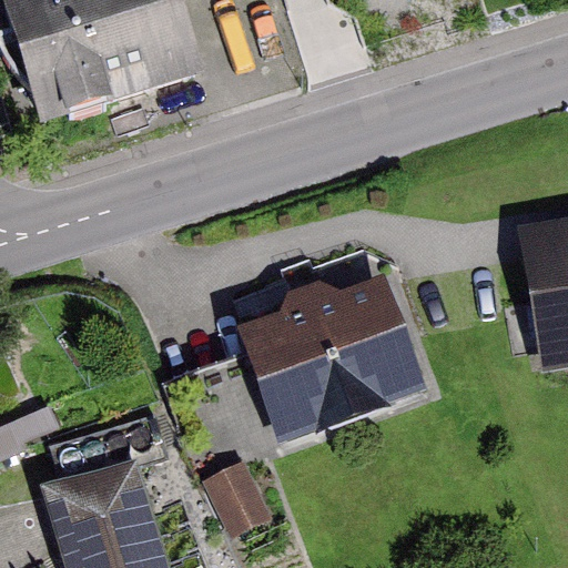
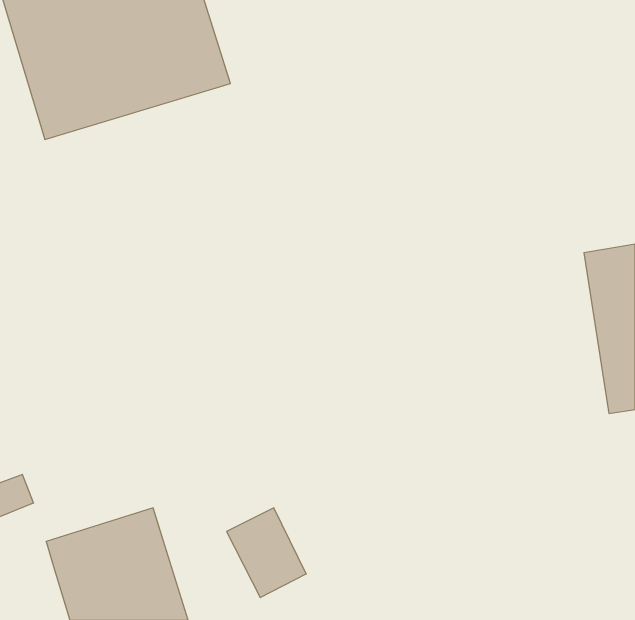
building: [236,272,427,440] -> none

